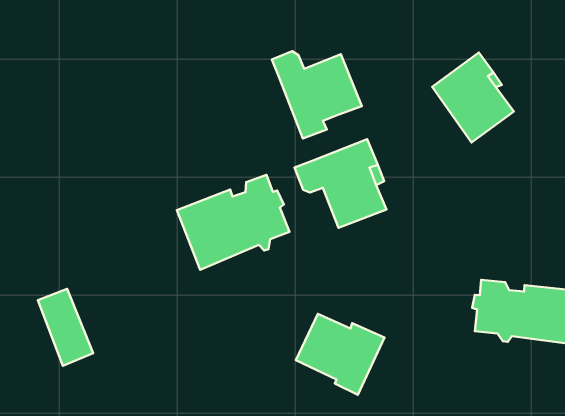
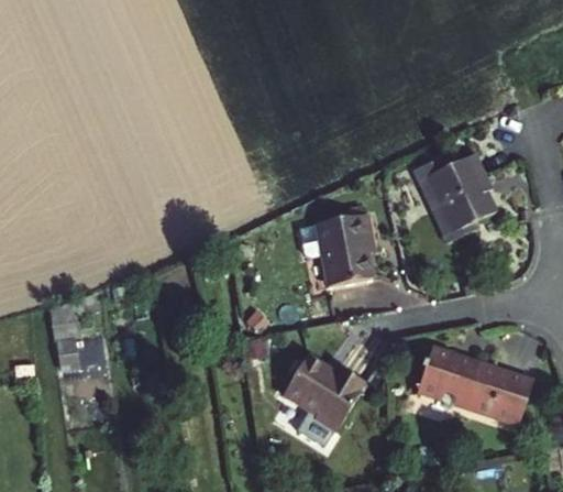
building: [272,51,362,138] -> none
building: [177,175,290,270] -> none

